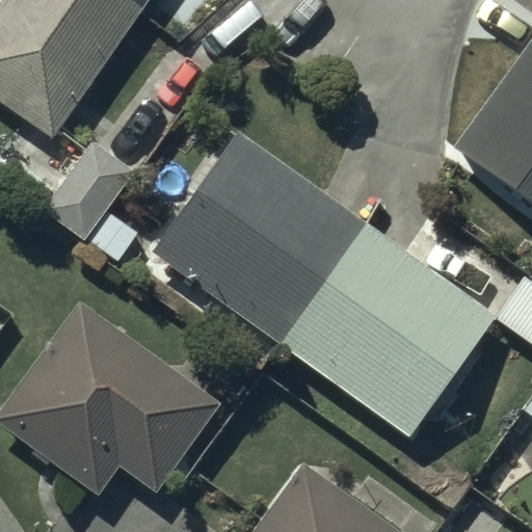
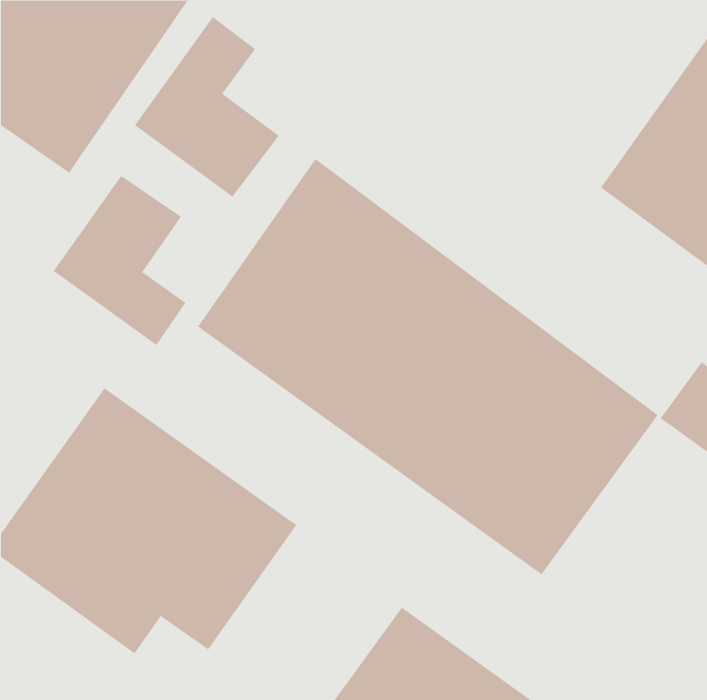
building: none -> [134,16,280,197]

